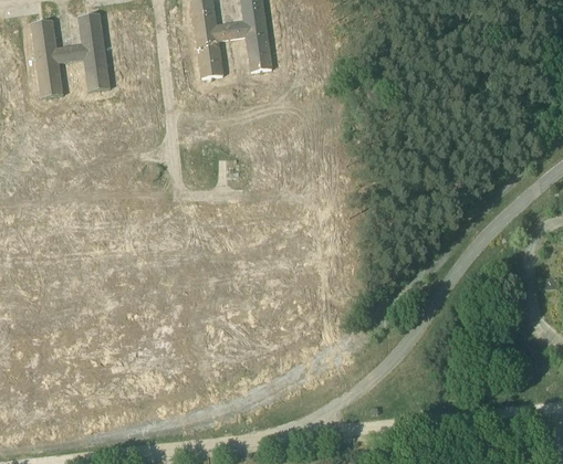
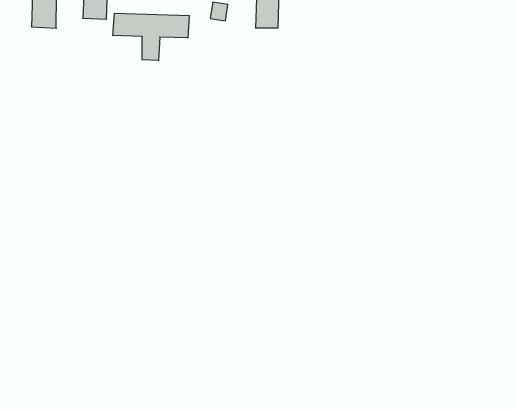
building: none -> [113,13,189,61]

